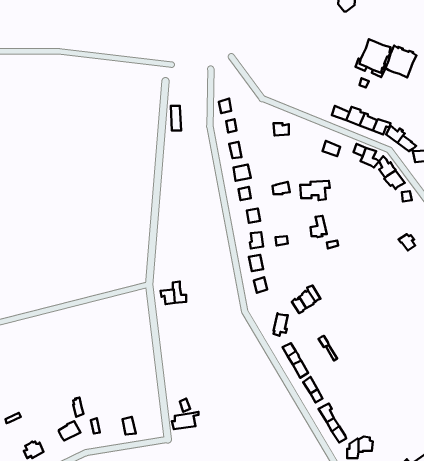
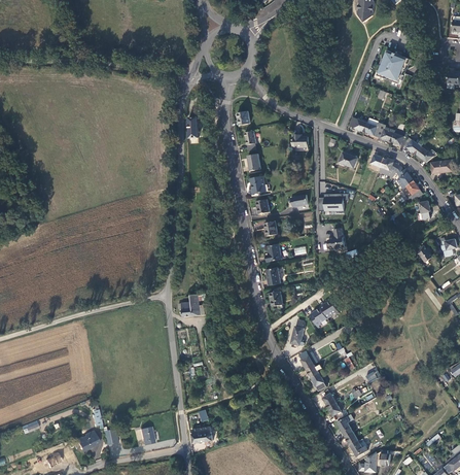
building: [386,46,416,78] -> none

